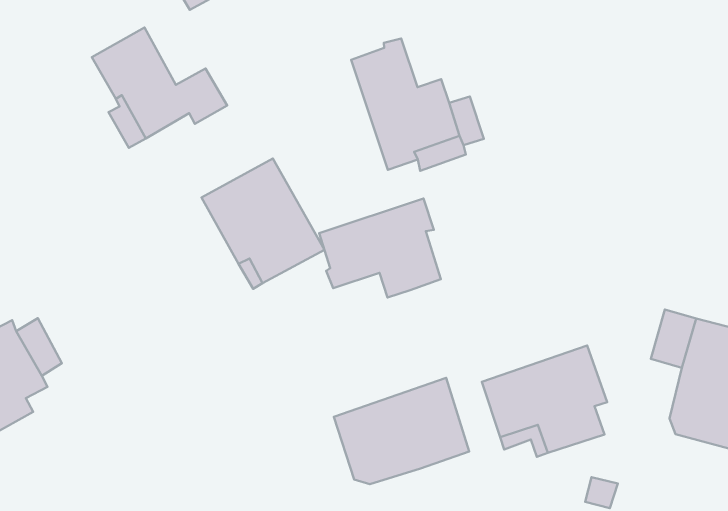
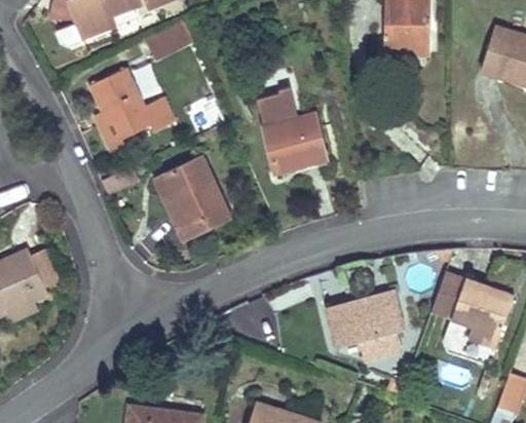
building: [319,198,441,297] -> none
building: [334,378,469,484] -> none

